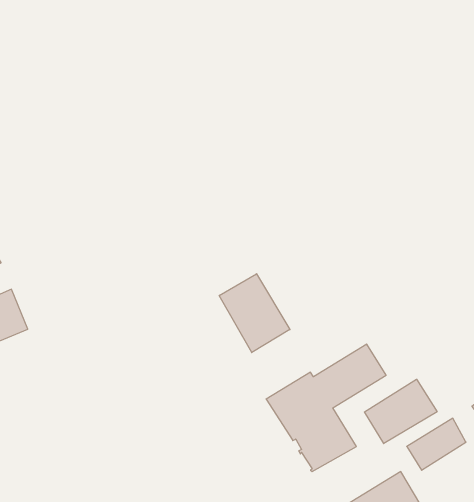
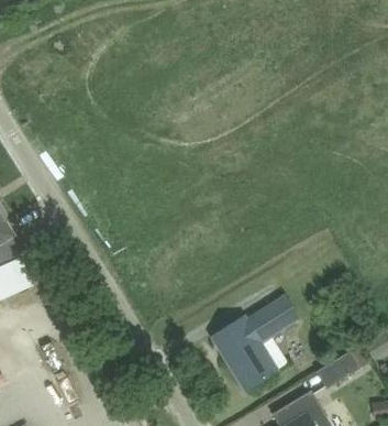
building: [219,274,290,353] -> none
building: [364,379,437,444] -> none

